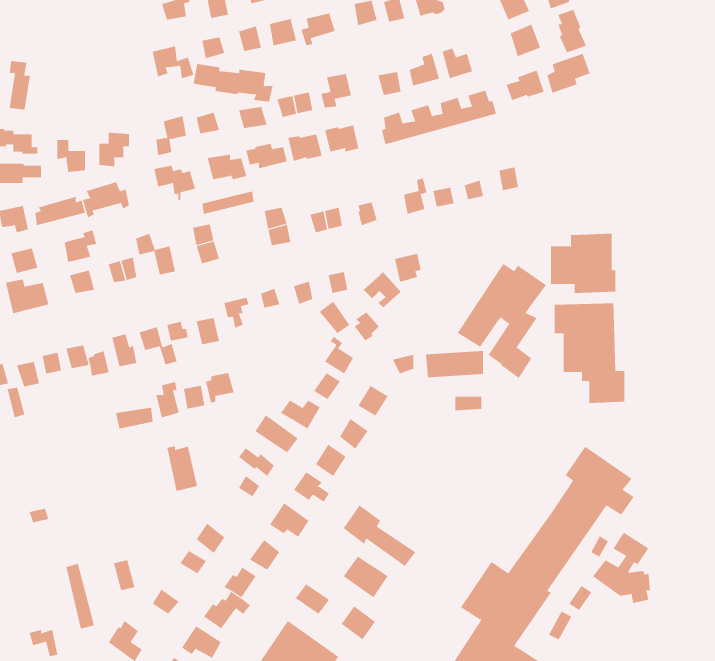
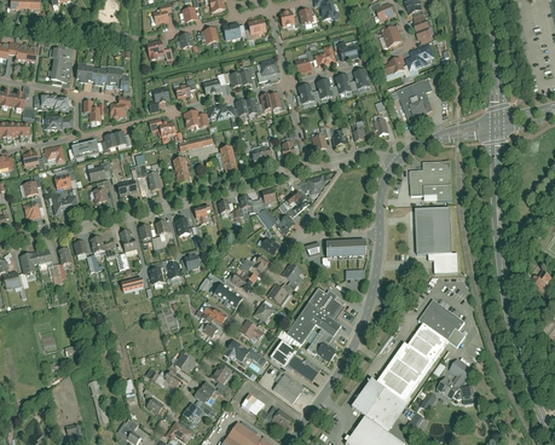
building: [193,64,274,102] -> [79,65,132,91]
building: none -> [388,77,433,123]
building: [457,263,547,379] -> [287,287,346,363]

